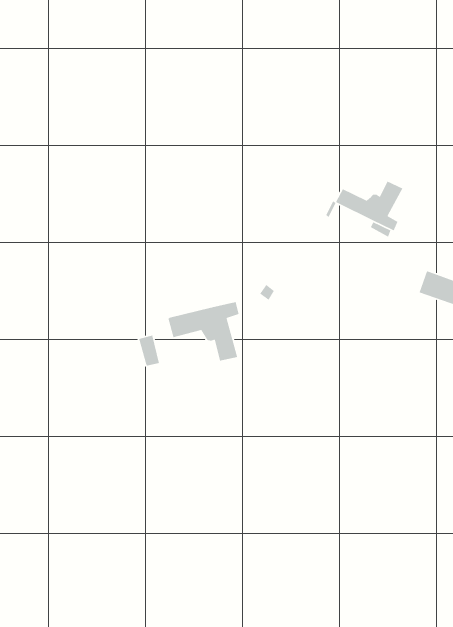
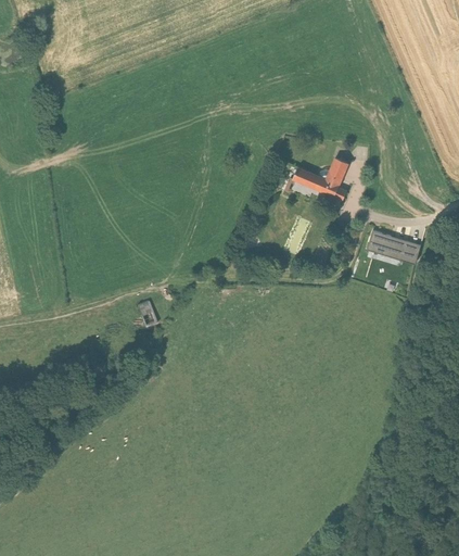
building: [168,301,239,362] -> none

